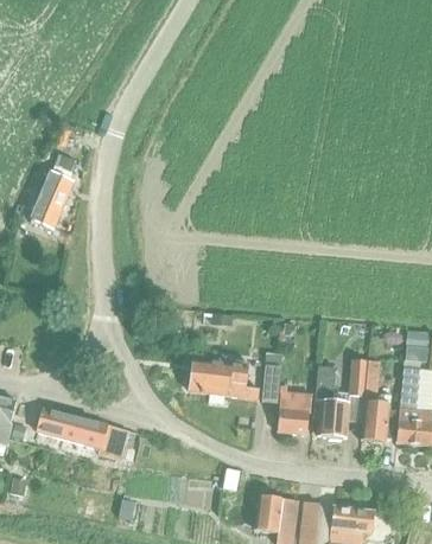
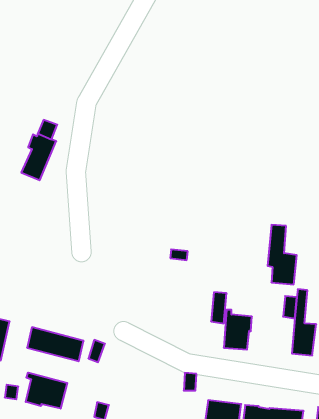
building: [190,359,259,398] -> none
building: [313,365,349,437] -> [268,225,297,284]
building: none -> [26,373,67,409]

